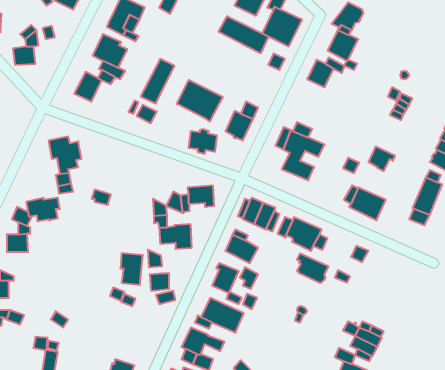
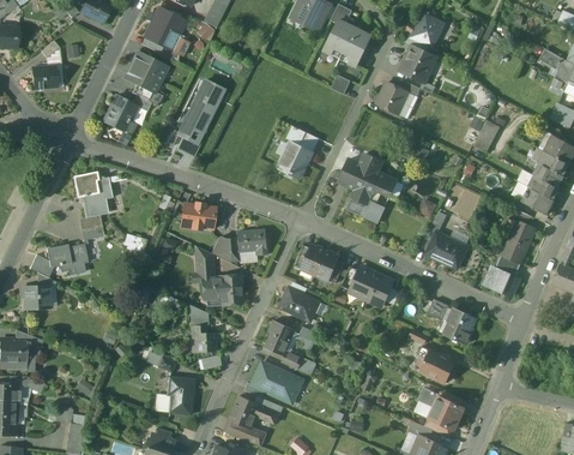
building: [219,16,268,53] -> none
building: [177,80,223,121] -> none
building: [188,129,217,154] -> [181,202,215,231]
building: none -> [484,267,519,295]
building: [120,253,143,285] -> [168,377,194,414]
building: [297,253,328,283] -> [417,347,454,382]
building: none -> [443,310,476,343]

